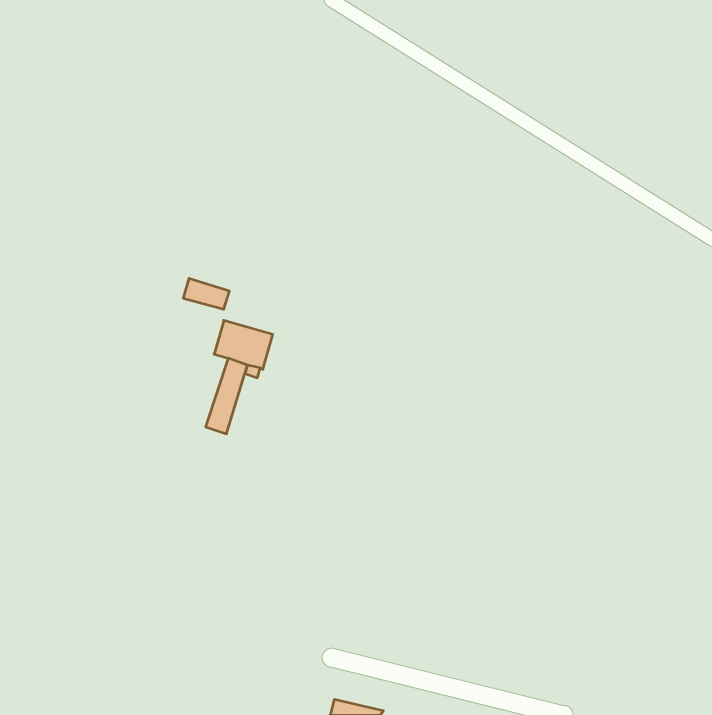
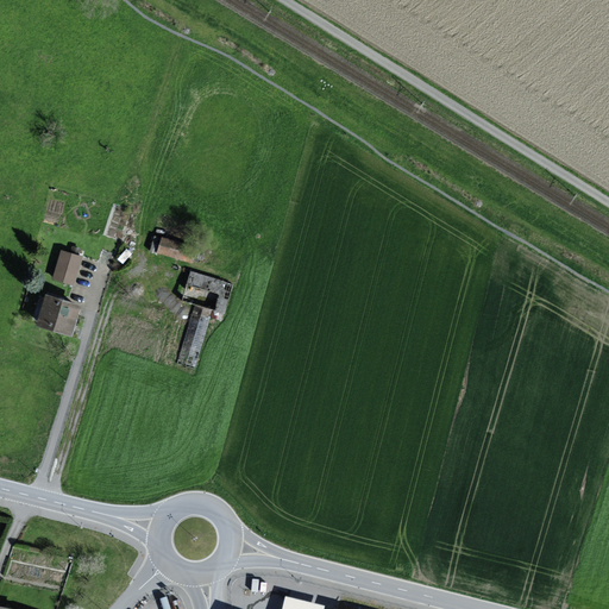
building: none -> [51,250,82,285]
building: none -> [36,294,81,335]

